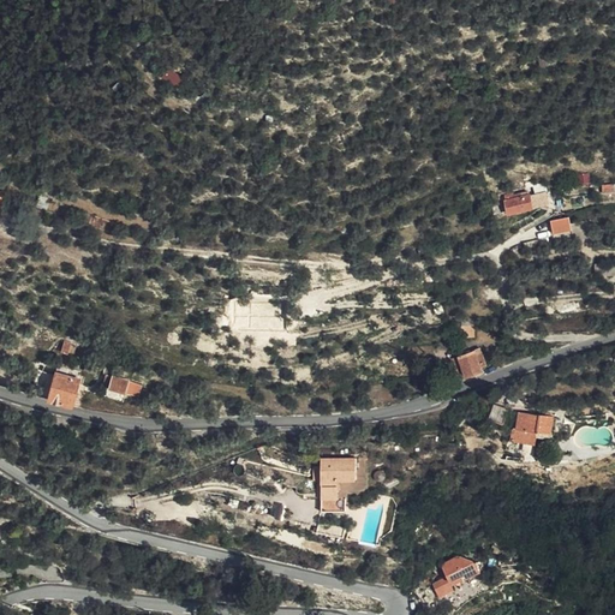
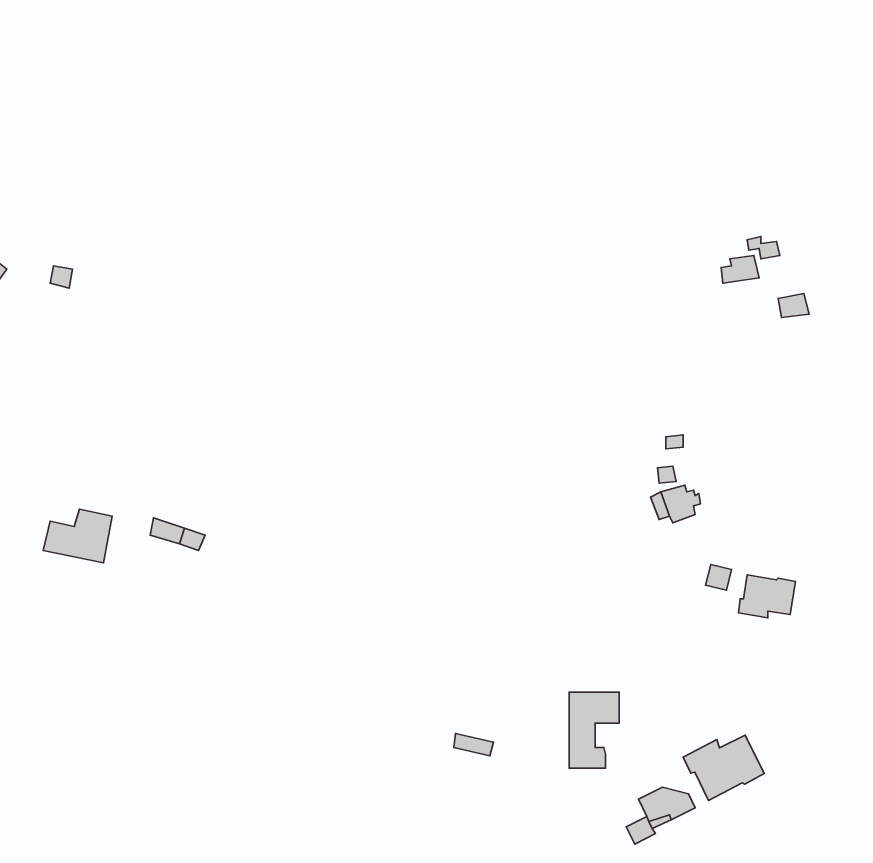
building: [320,460,354,513] -> [569,692,619,768]
building: none -> [683,735,764,800]

